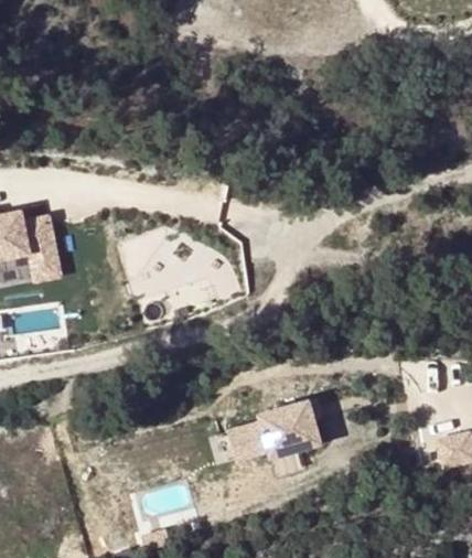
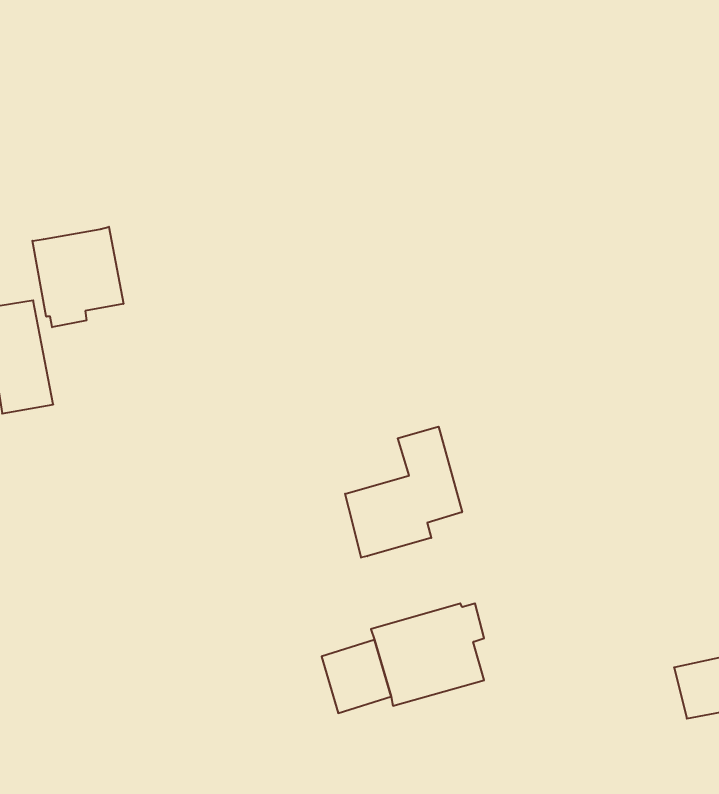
building: none -> [32,227,123,327]
building: none -> [345,427,462,558]

